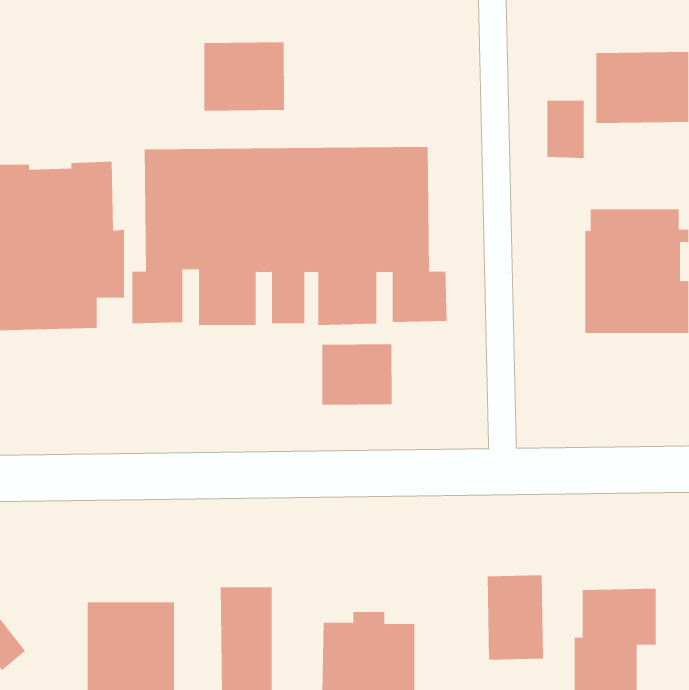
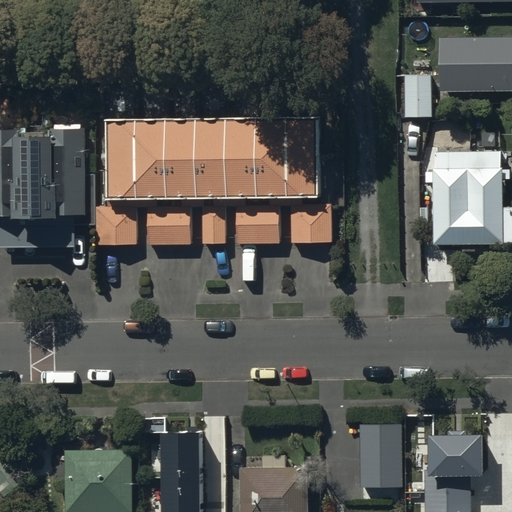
building: [204,42,285,111] -> none
building: [322,344,392,406] -> none

